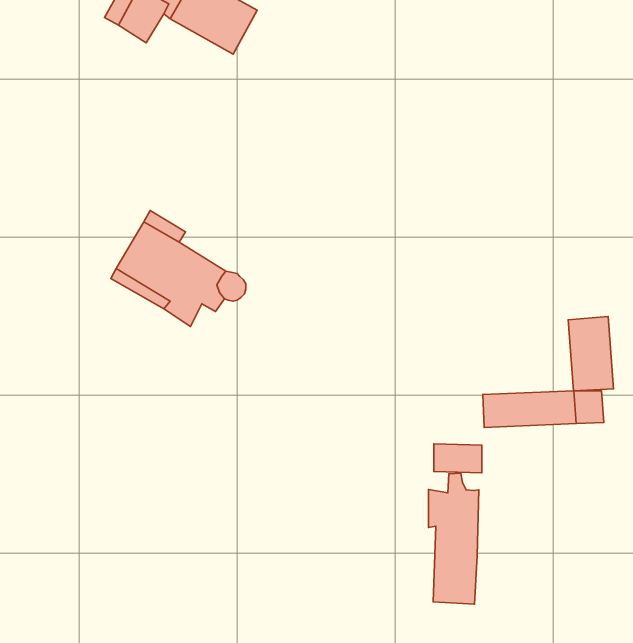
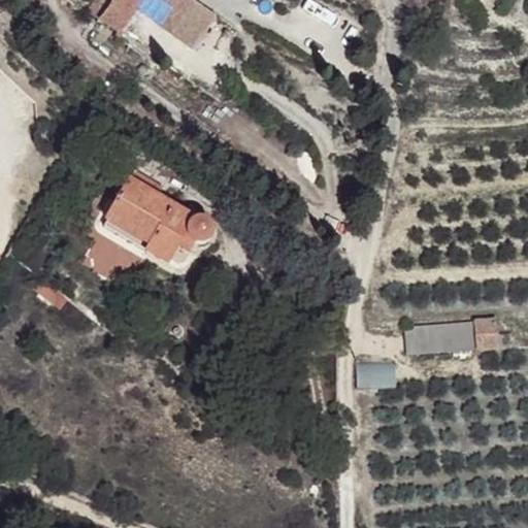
building: [568,317,614,391] -> none
building: [428,473,479,604] -> none

